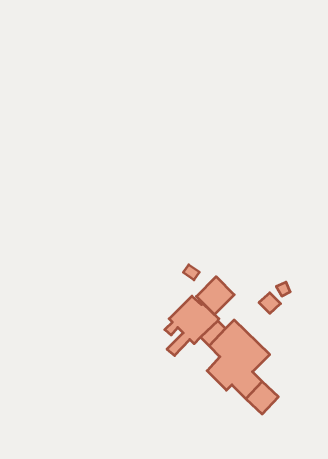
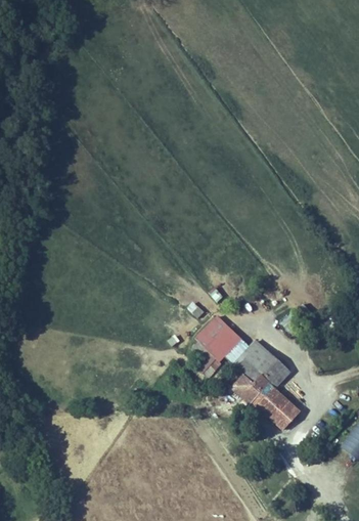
building: [196,277,234,315] -> none

